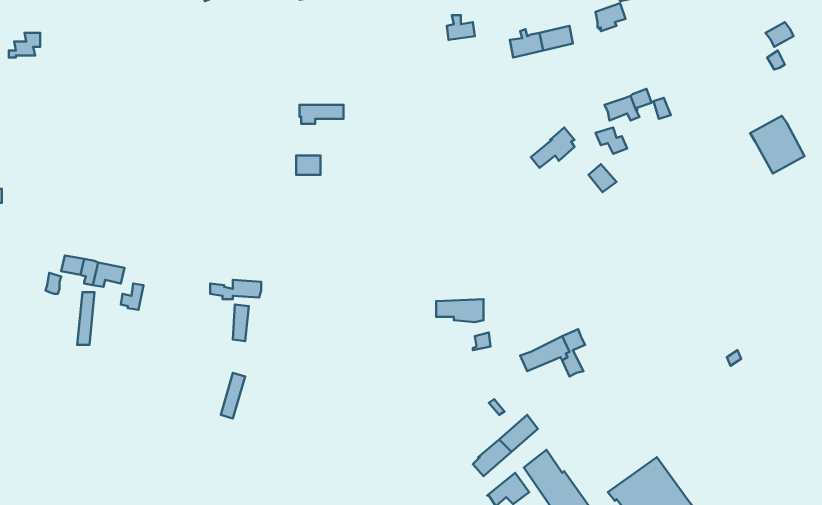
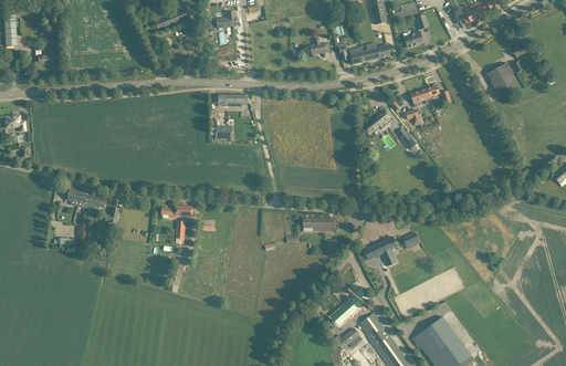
building: [750,116,804,174] -> [486,62,521,98]

